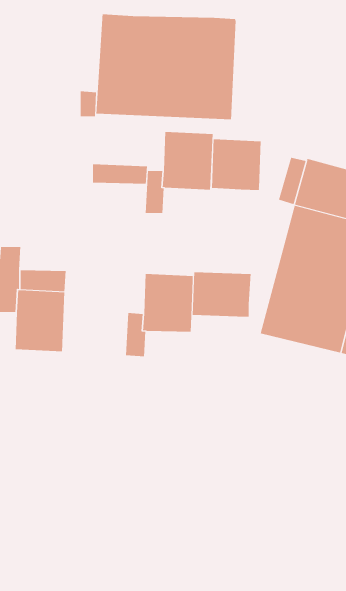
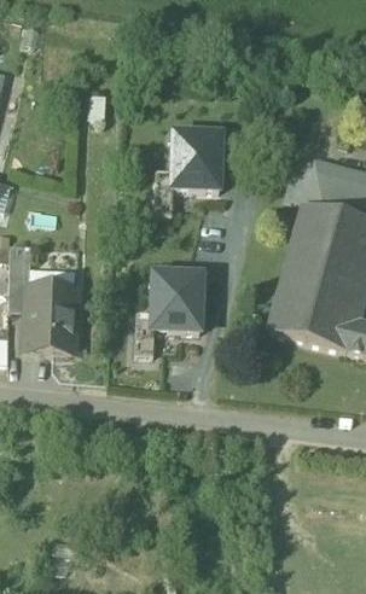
building: [96,13,236,120] -> none
building: [211,139,261,191] -> none
building: [92,163,148,184] -> none
building: [192,271,251,318] -> none

